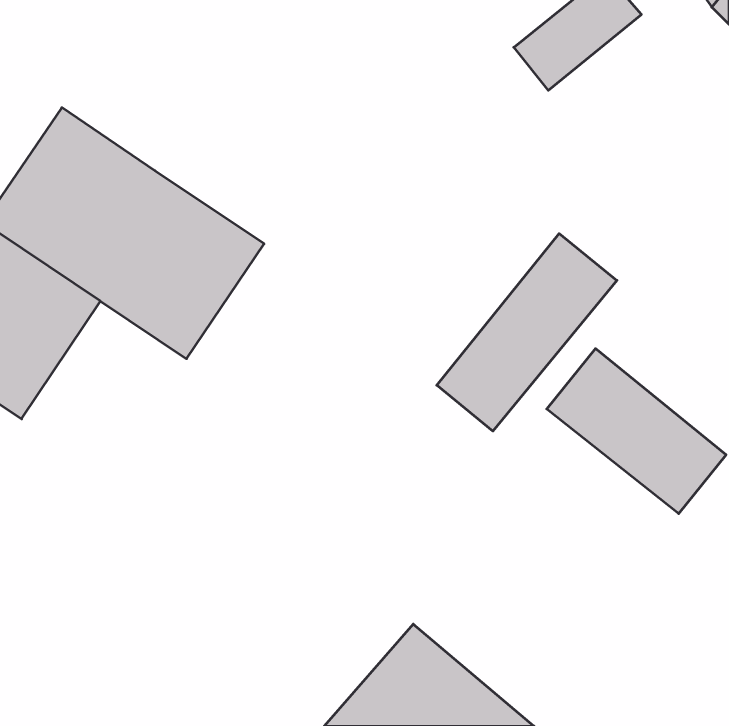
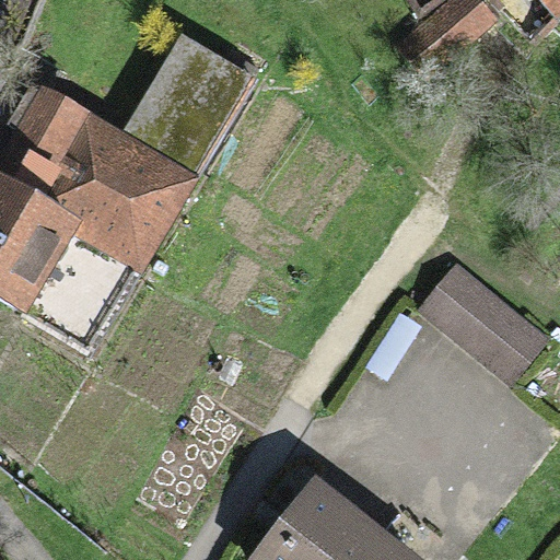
building: none -> [118,34,266,186]
building: [437,234,617,431] -> none

